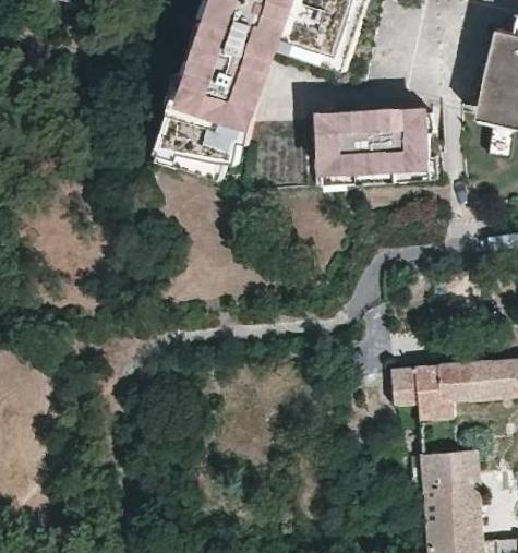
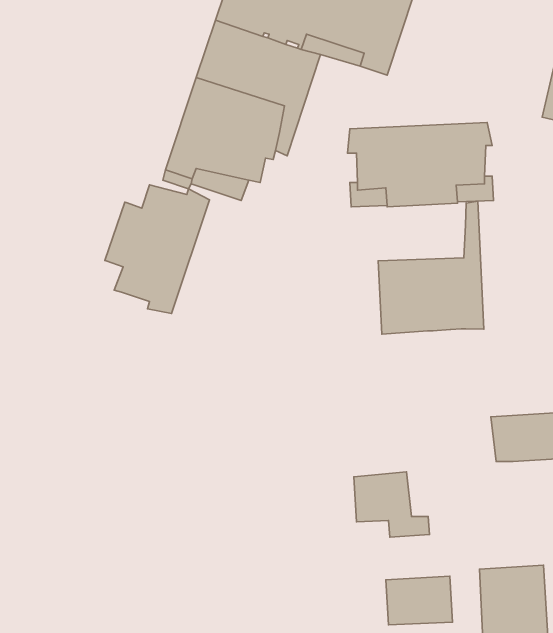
building: none -> [105,185,210,314]
building: none -> [378,201,484,334]
building: [389,362,454,418] -> [354,472,429,537]
building: [422,449,479,491] -> [386,576,452,625]

